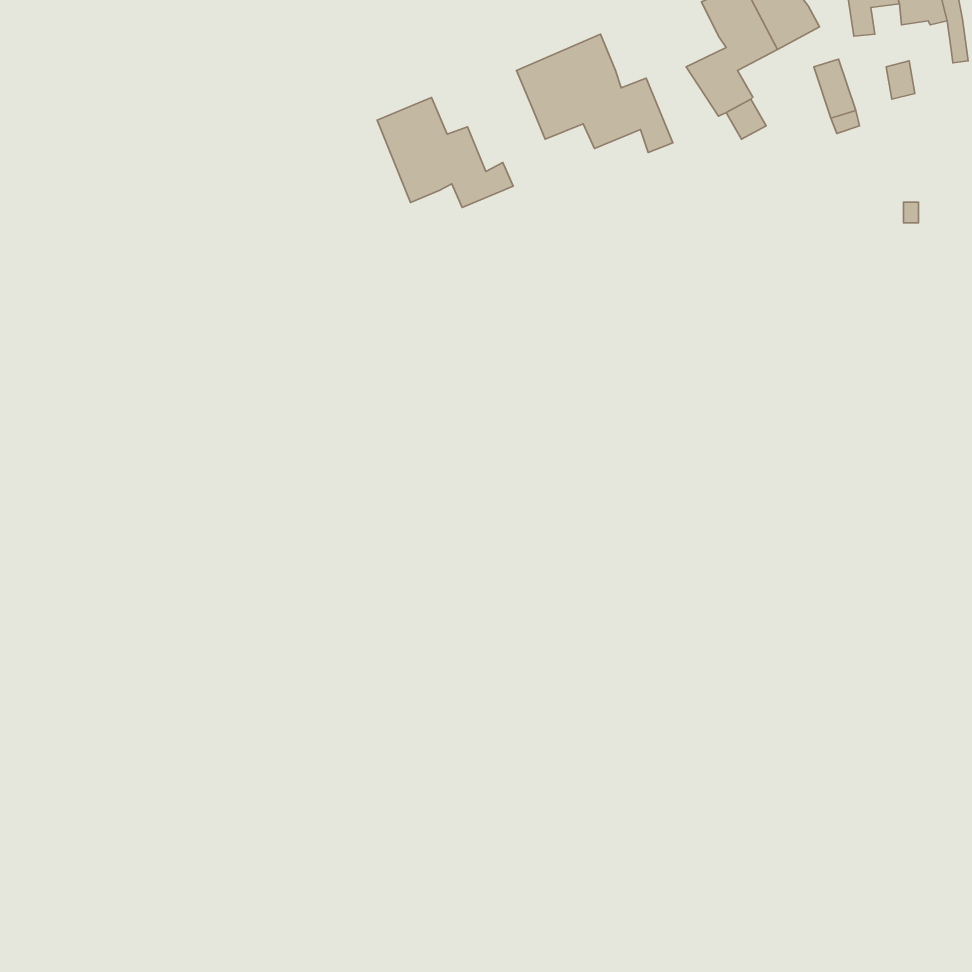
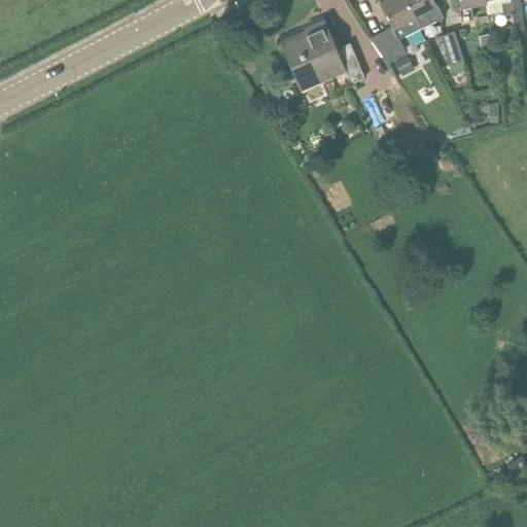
building: [377,98,513,208] -> none

